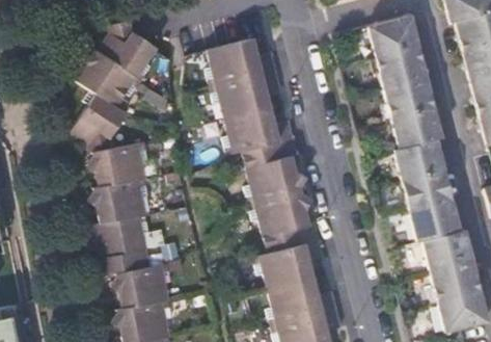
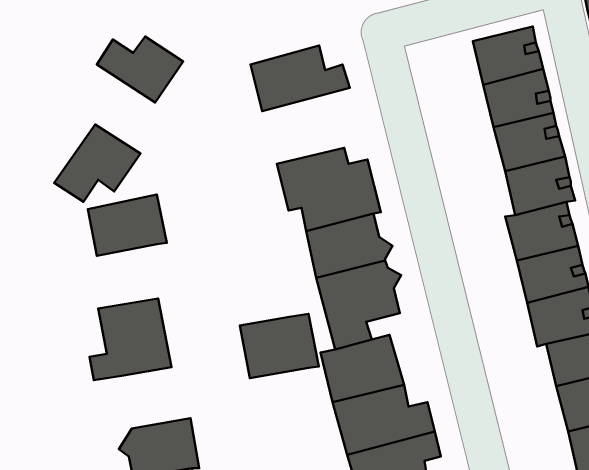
building: [79,49,144,109] -> none
building: [216,65,283,120] -> none
building: [93,177,148,222] -> none
building: [116,262,172,308] -> [240,314,319,378]

